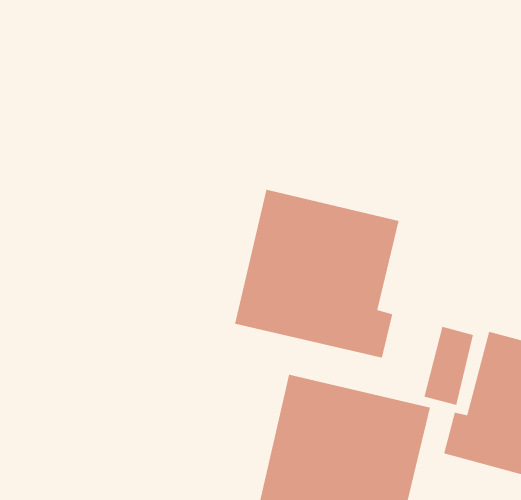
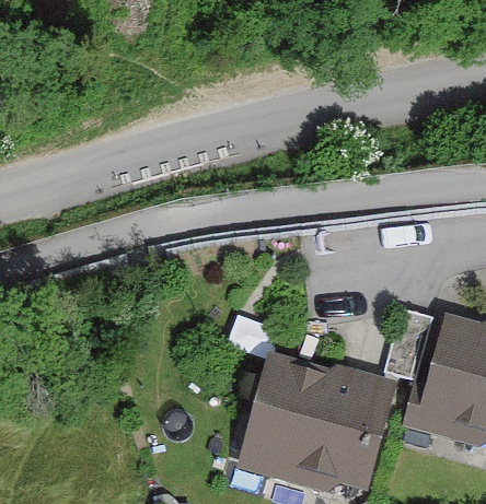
building: [234,189,400,358] -> none

